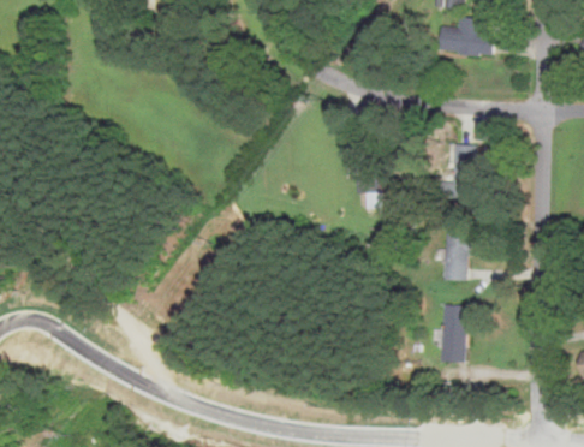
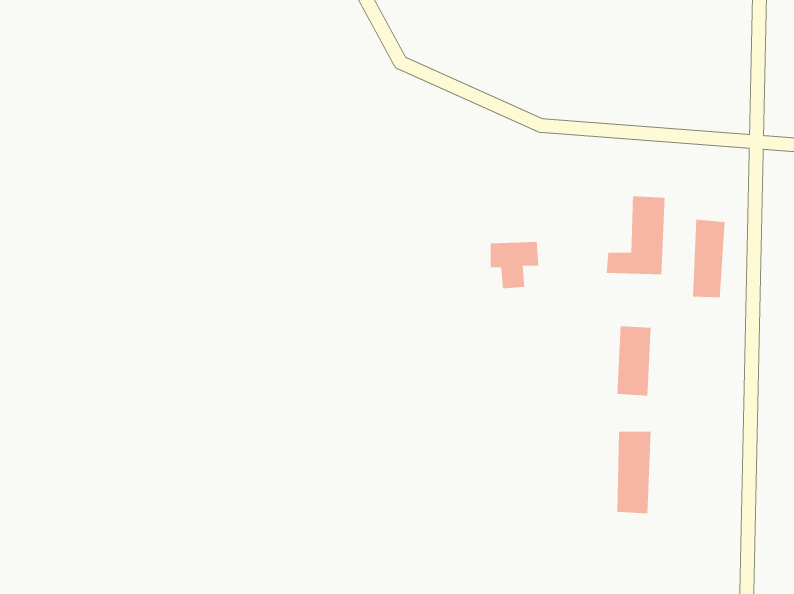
building: [437,16,493,55] -> none
building: none -> [692,219,725,298]

